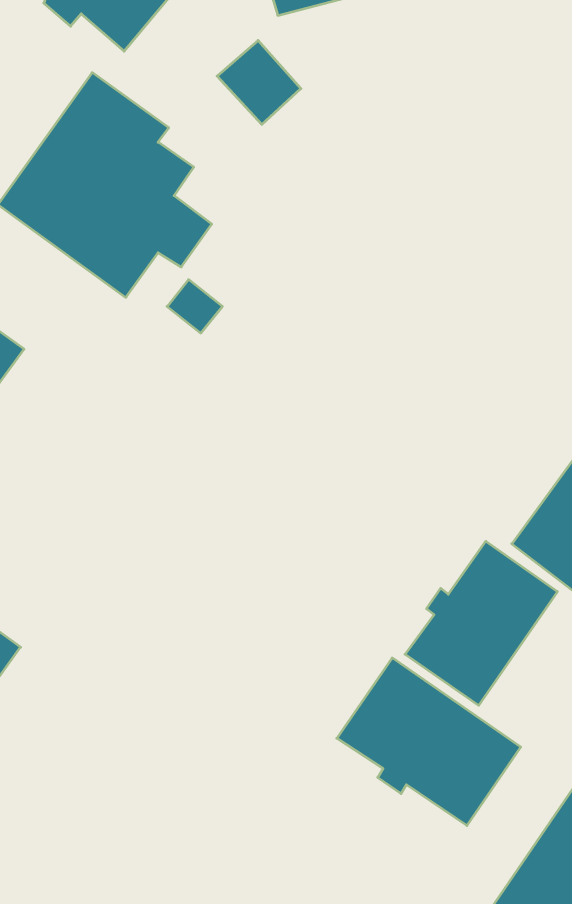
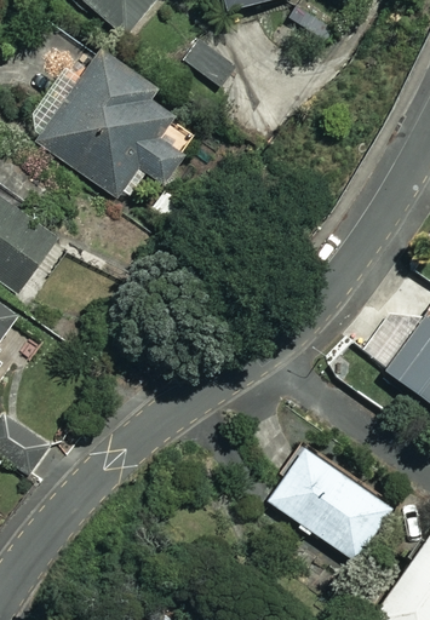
building: [405,541,557,705] -> none

